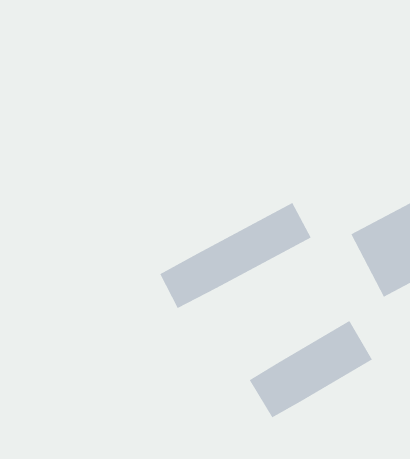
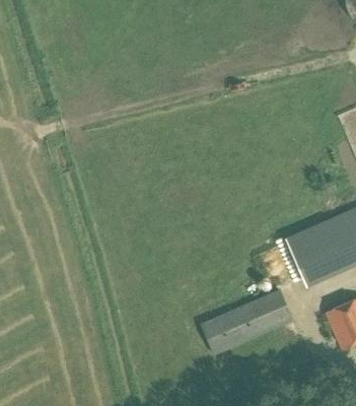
building: [160,202,312,309] -> none

